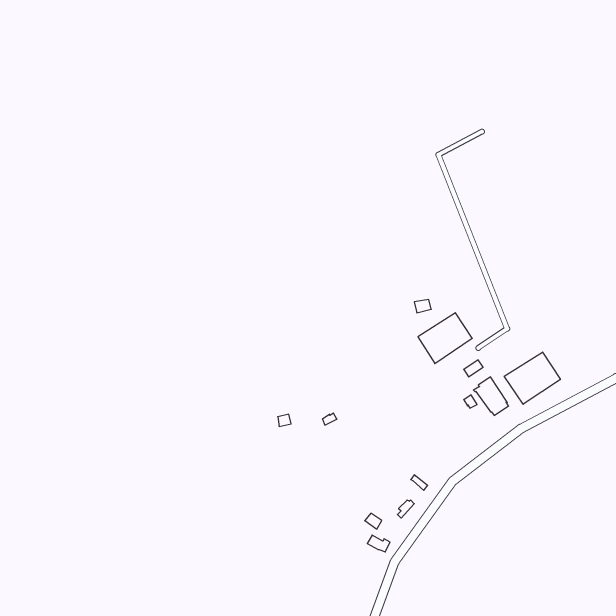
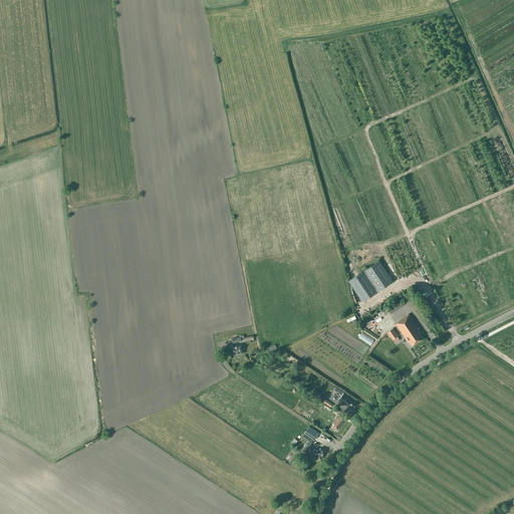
building: [504,352,560,404] -> none

